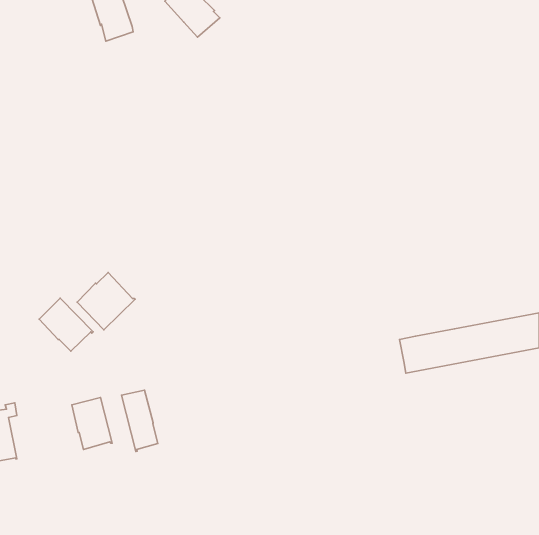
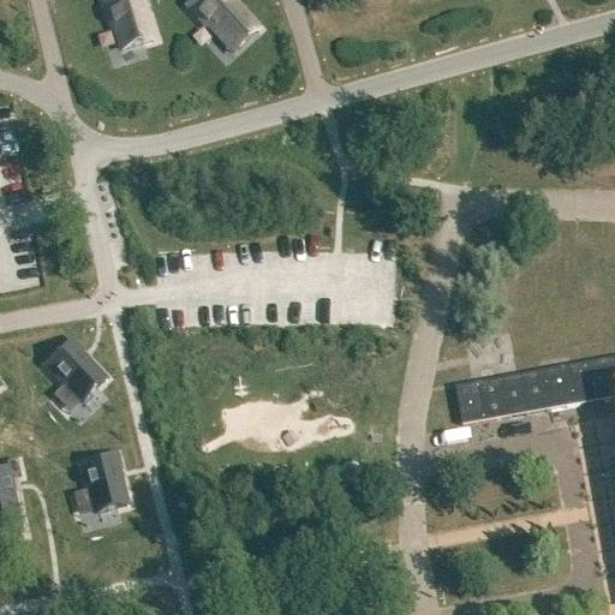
building: [77,272,135,330] -> none
building: [122,390,158,451] -> none

